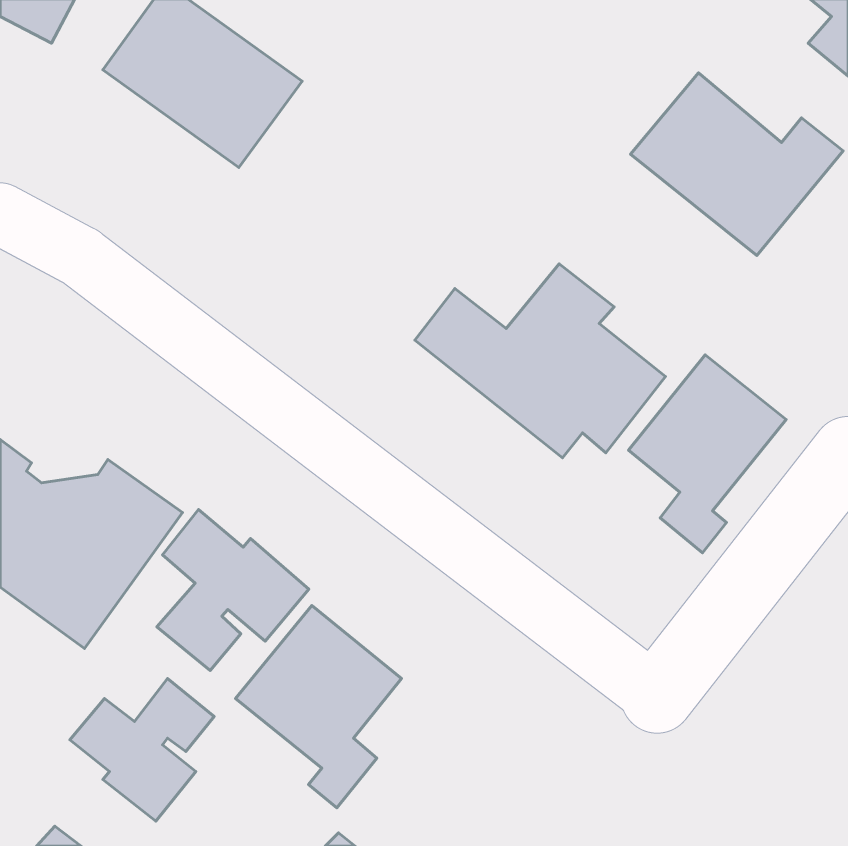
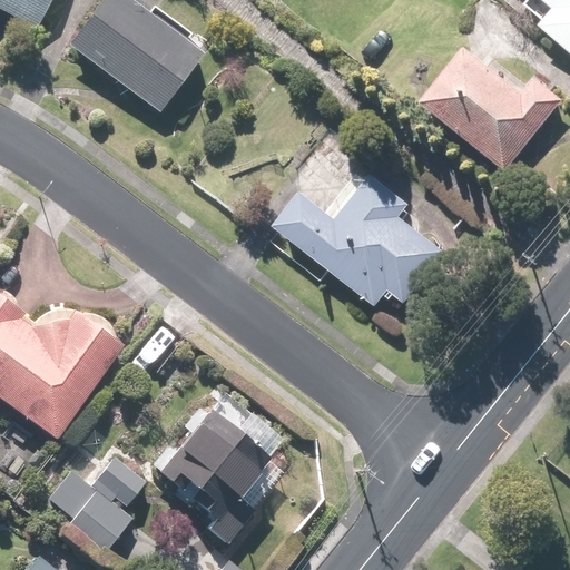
building: [629,355,786,553] -> none
building: [157,510,309,670] -> none

